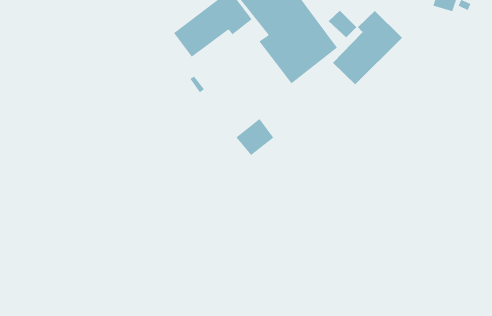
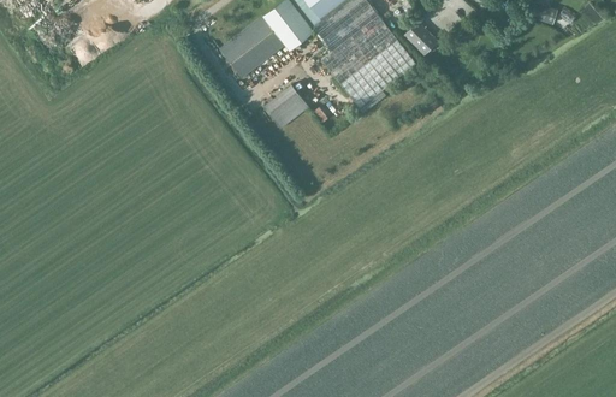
building: [332,10,403,85] -> none
building: [236,118,274,156] -> [263,84,309,129]

